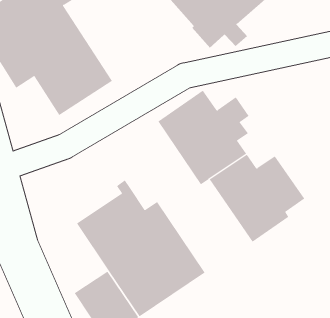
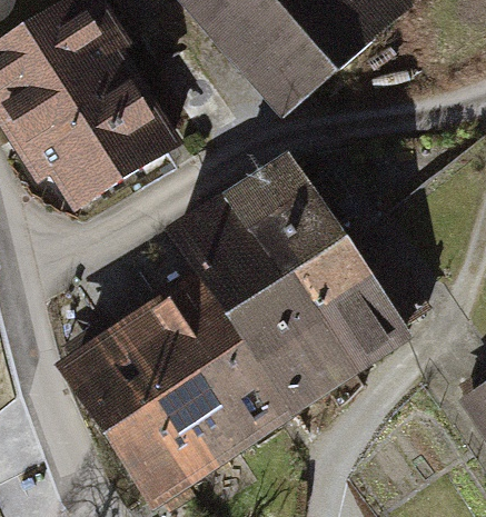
building: none -> [171,209,347,411]
building: none -> [66,327,153,439]

